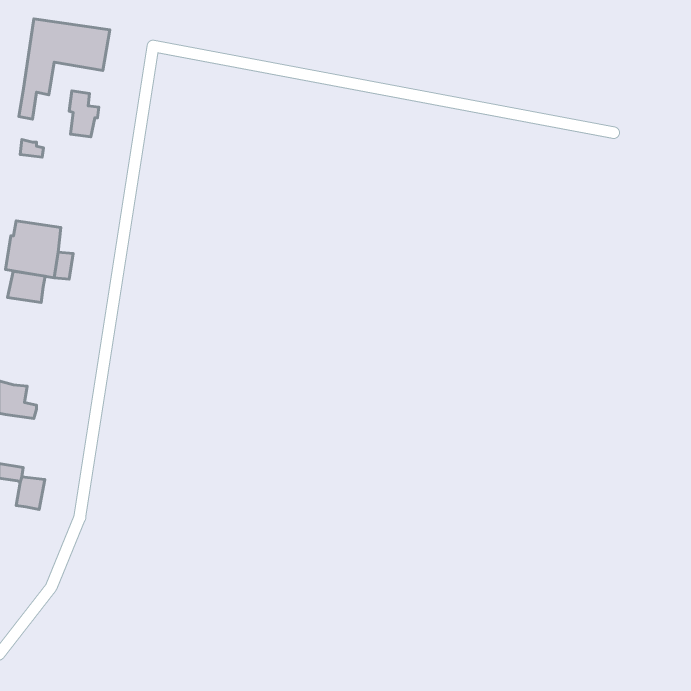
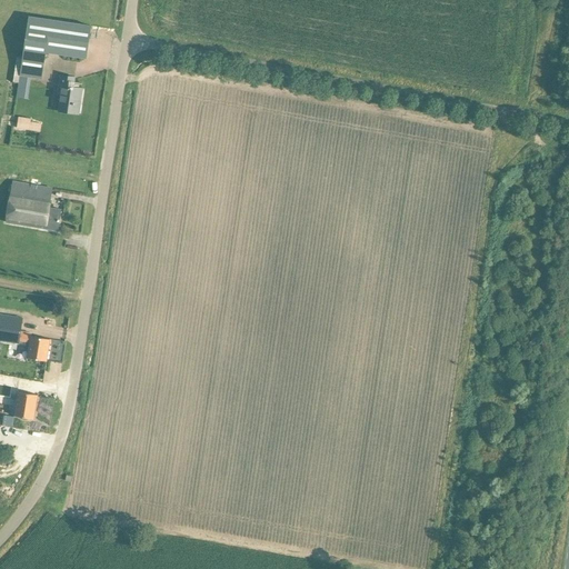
building: [8,272,45,303] -> none
building: none -> [26,336,49,360]

